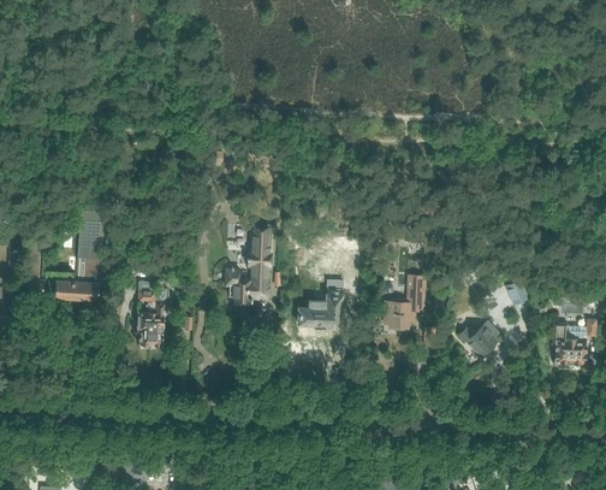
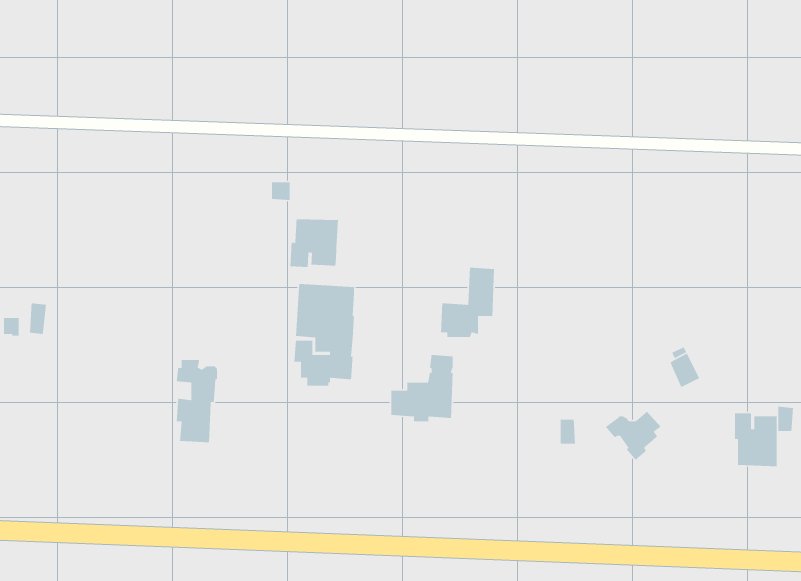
building: none -> [290,218,339,268]
building: [54,212,103,302] -> none
building: [385,274,426,327] -> [440,267,495,338]

